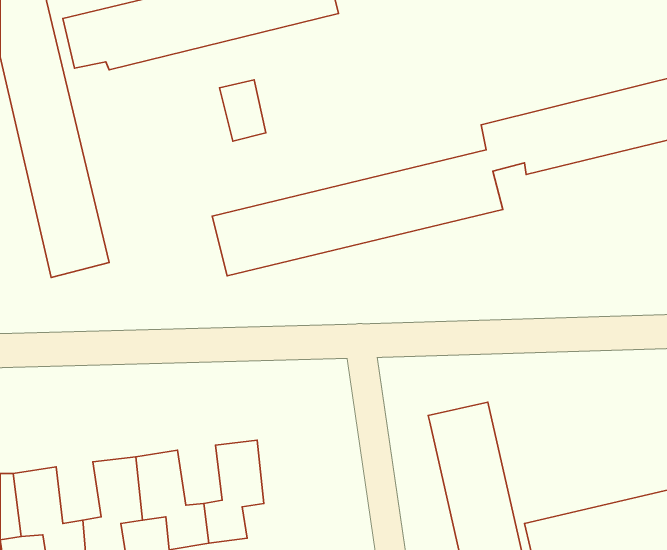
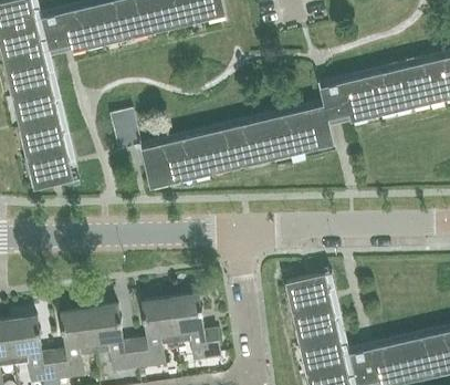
building: [219,80,266,141] -> [111,108,142,149]
building: none -> [171,294,220,361]

